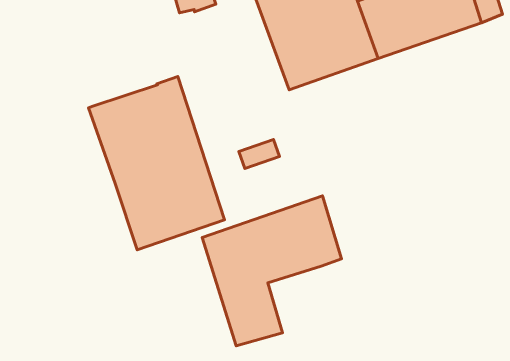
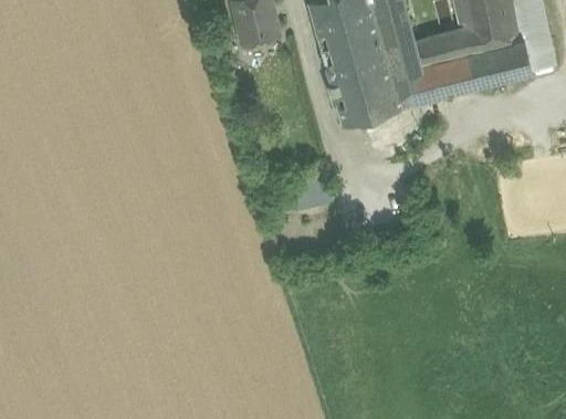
building: [89,77,225,250] -> none
building: [202,196,341,346] -> none

